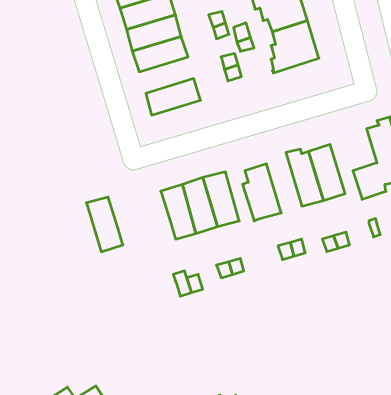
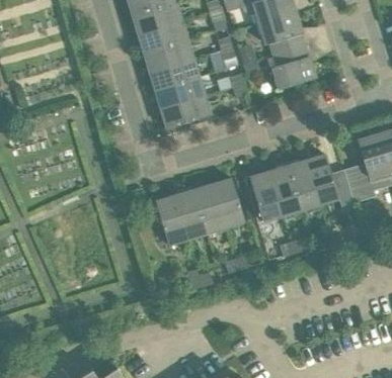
building: none -> [155,77,204,109]
building: none -> [268,162,300,215]
building: [86,197,123,252] -> [155,196,187,245]

